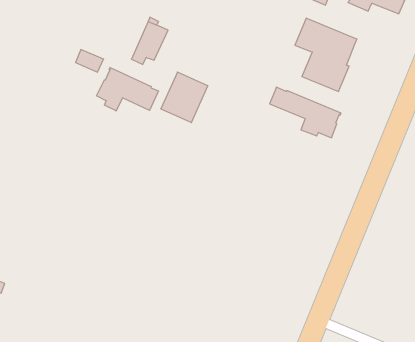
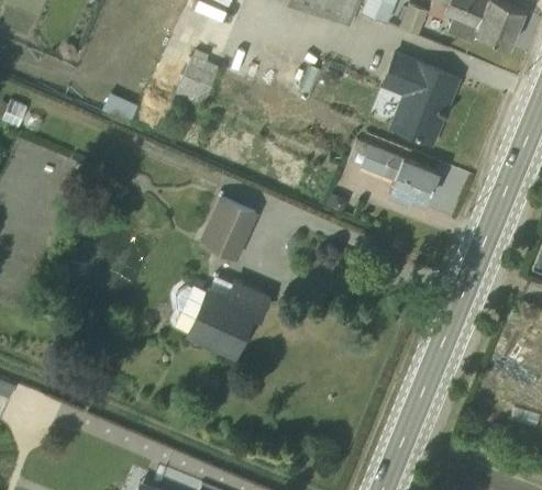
building: [97,67,158,111] -> none
building: [161,72,208,123] -> [200,197,259,260]
building: none -> [178,276,268,352]

